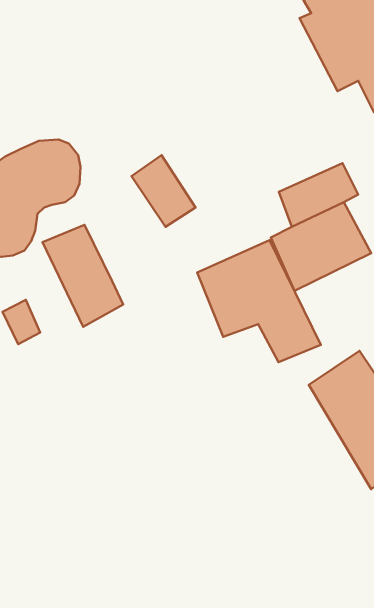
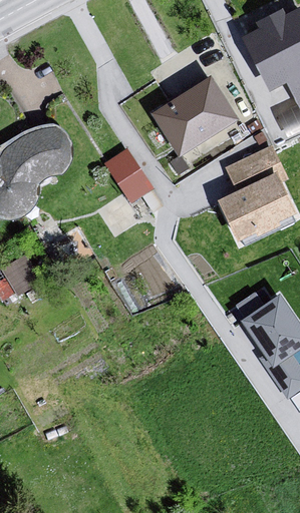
building: none -> [148,78,235,159]
building: [43,225,123,327] -> none
building: [197,240,321,362] -> none

